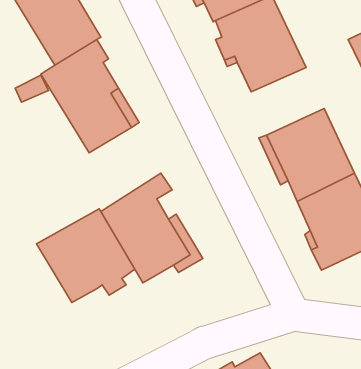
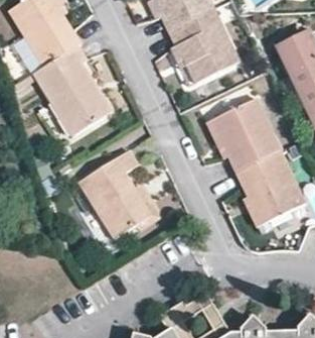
building: [37,209,135,302] -> none

